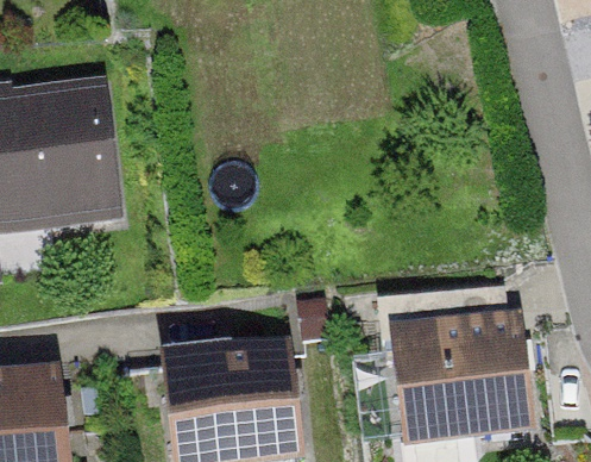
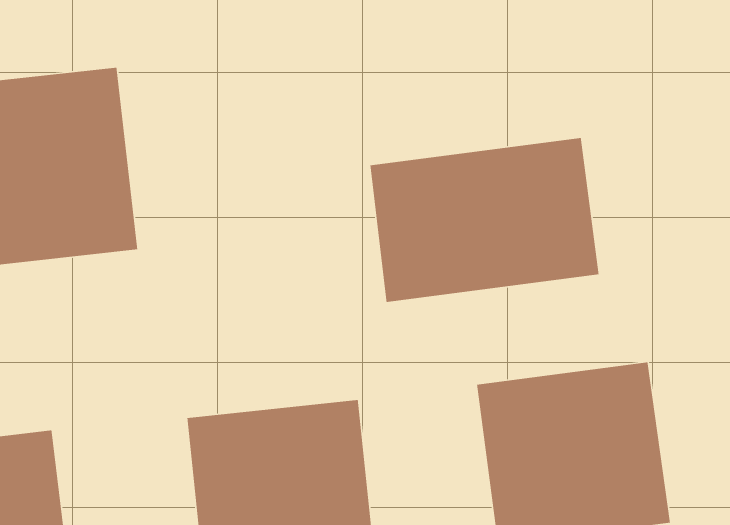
building: none -> [370,137,600,303]

